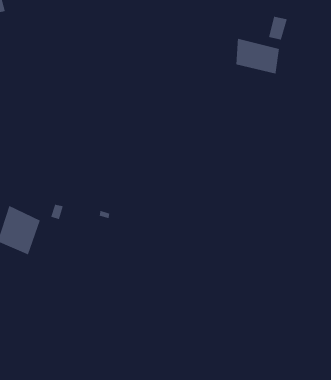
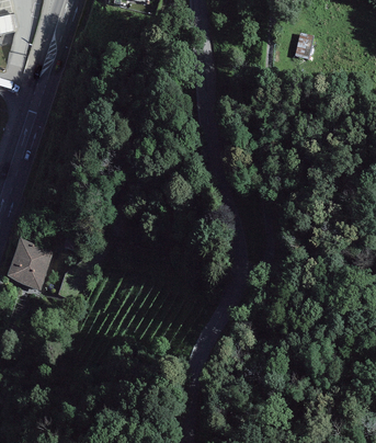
building: [235,38,280,75] -> none

